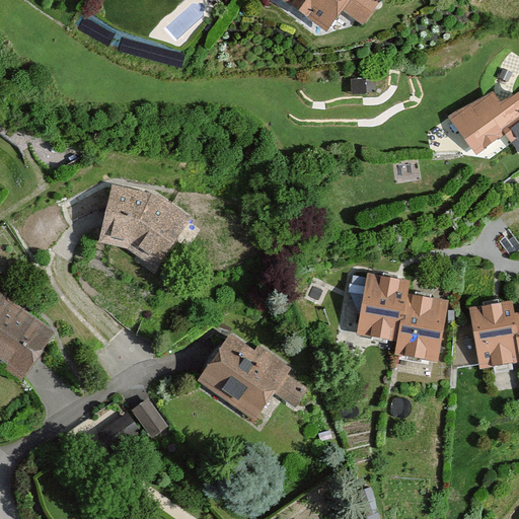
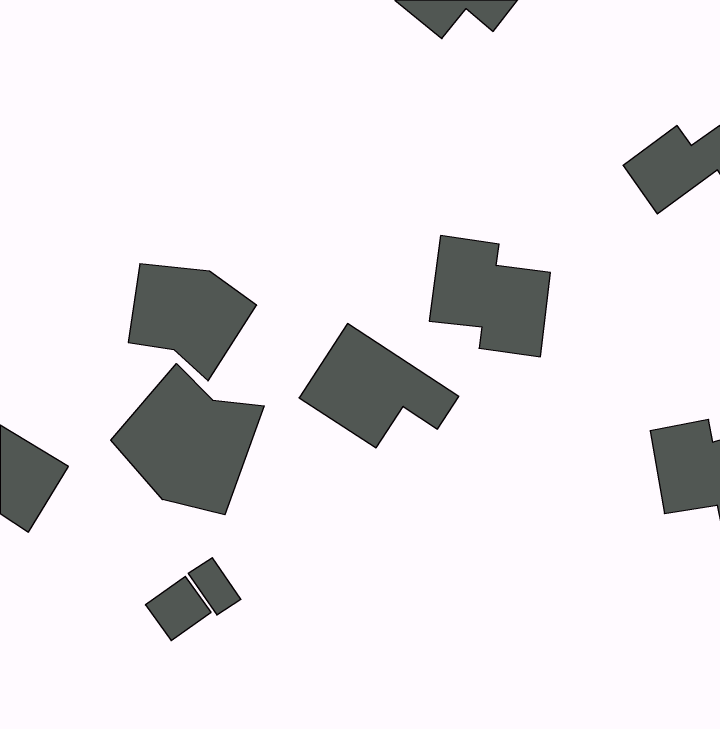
building: none -> [111,364,264,515]
building: [359,275,445,361] -> [429,236,550,357]
building: [199,331,312,420] -> [299,324,459,448]

